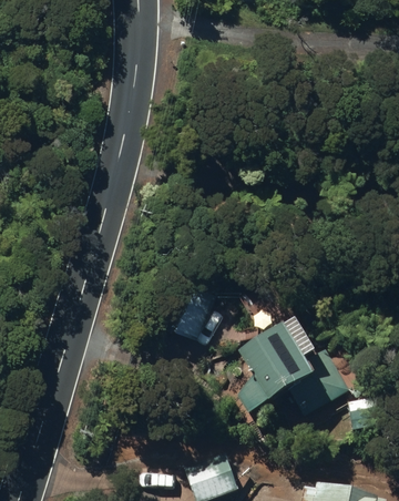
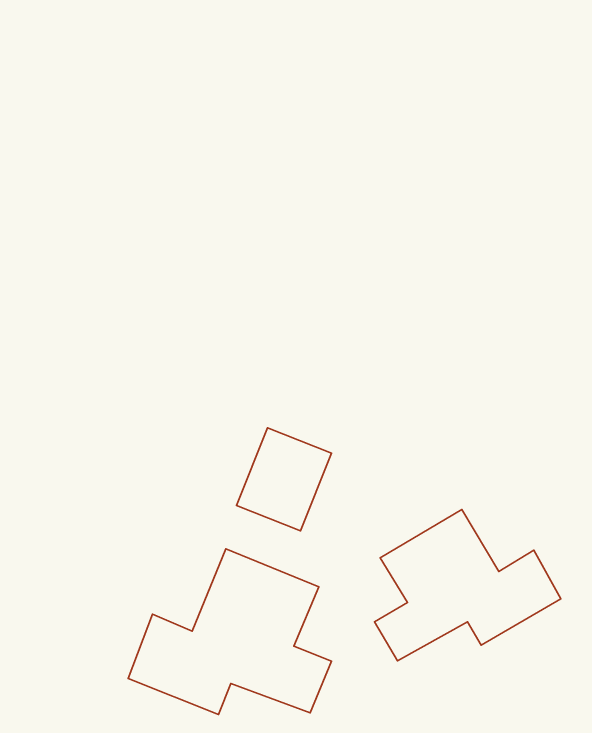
building: none -> [128,549,331,715]

